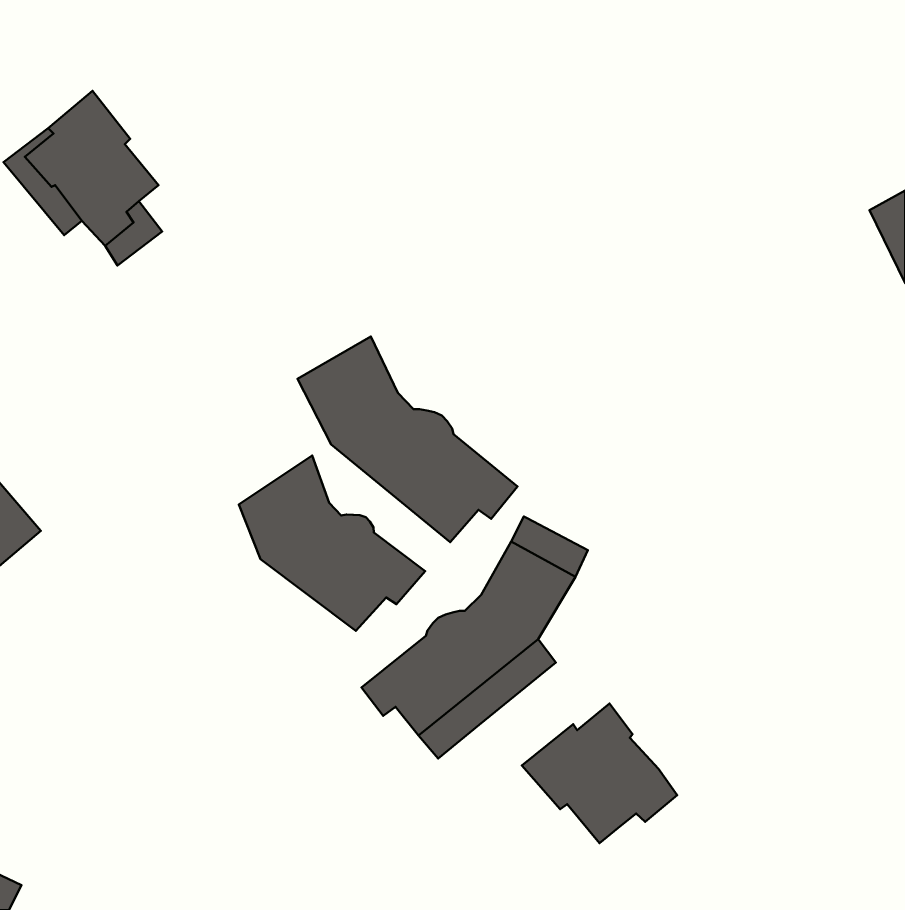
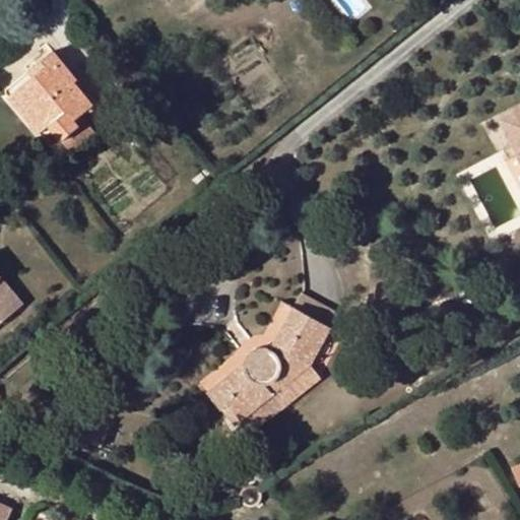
building: [297,337,517,542] -> none
building: [239,456,425,631] -> none
building: [522,704,677,843] -> none

